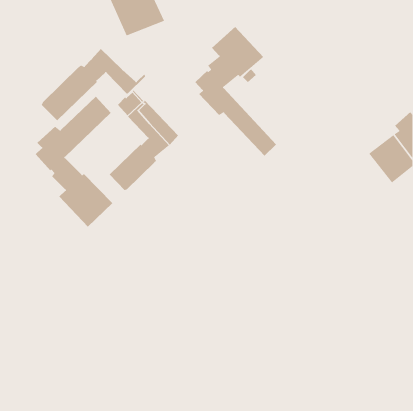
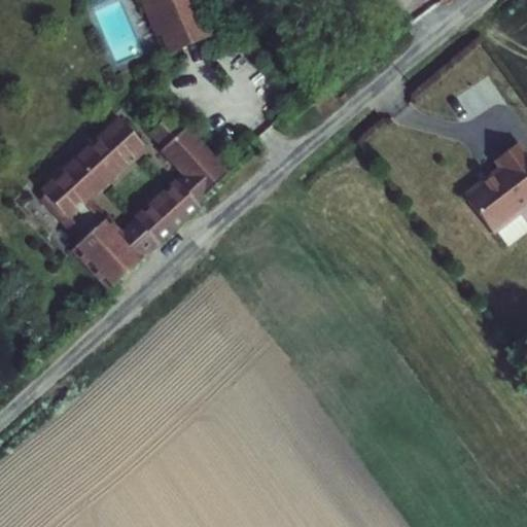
building: [195,26,277,157] -> none
building: [41,48,146,121] -> none

